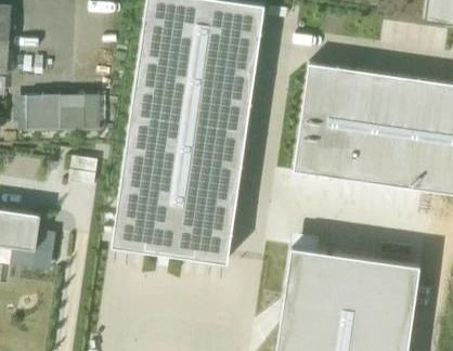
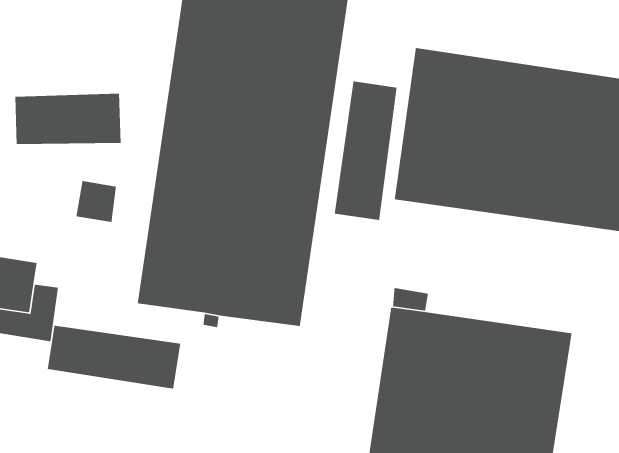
building: none -> [334,81,397,221]
building: none -> [47,325,181,390]

